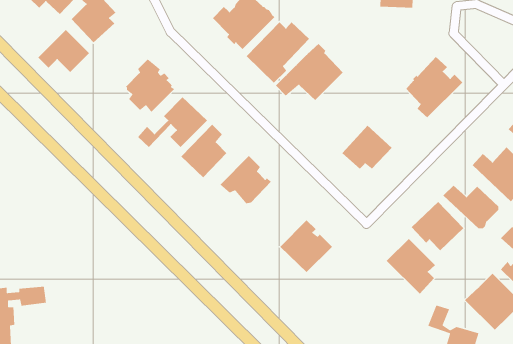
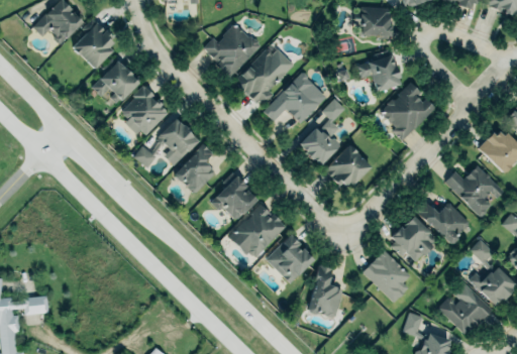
building: none -> [355,53,400,92]
building: [38,29,90,73] -> [91,61,139,101]
building: none -> [299,97,345,163]
building: none -> [229,204,286,256]
building: none -> [308,263,344,317]

